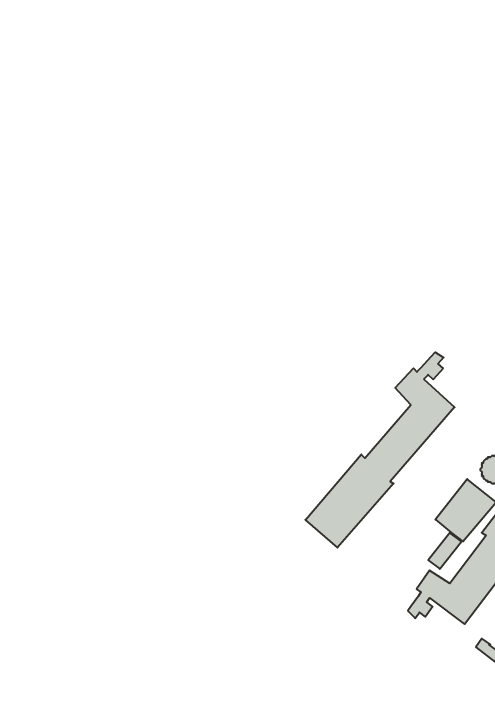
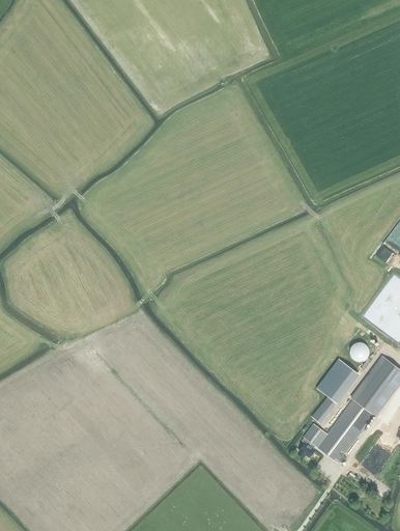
building: [305,352,455,548] -> none

